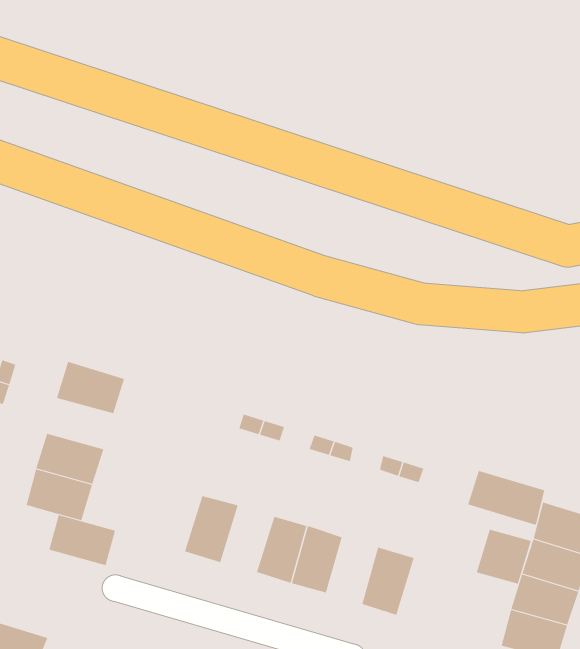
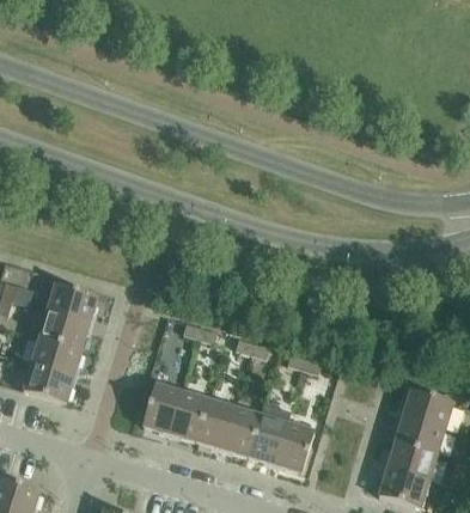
building: [468,470,545,526] -> none
building: none -> [169,390,208,440]
building: [49,515,116,566] -> [38,310,88,348]
building: none -> [248,404,289,464]
building: [476,529,532,585] -> none

